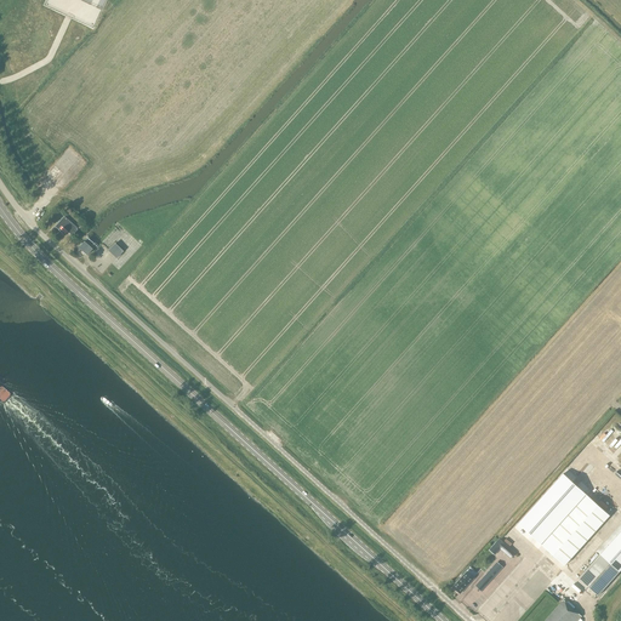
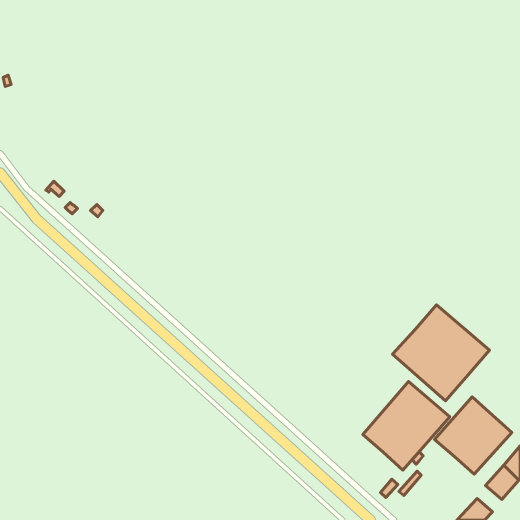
building: none -> [393,305,489,401]
building: none -> [363,381,450,470]

